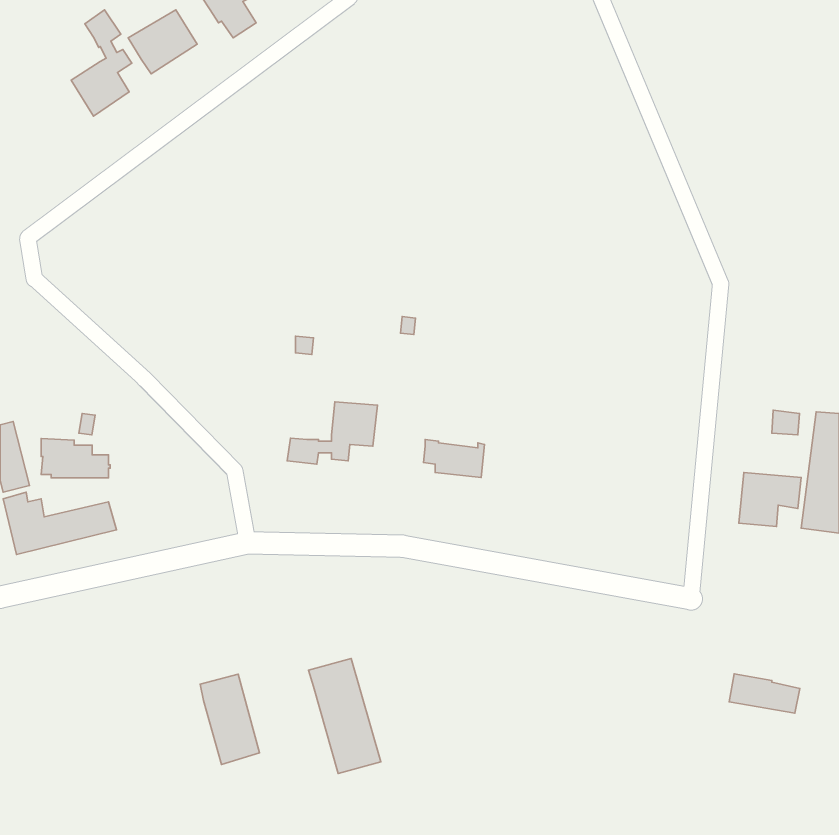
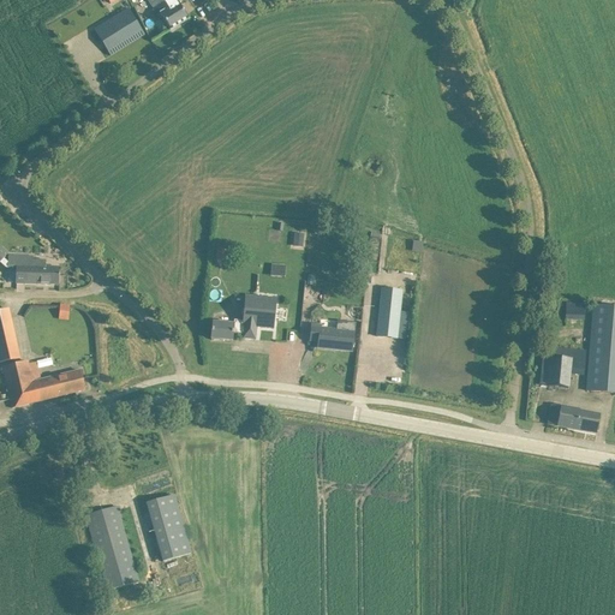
building: [71,10,132,116] -> none
building: none -> [376,287,401,336]
building: [41,439,110,478] -> [8,253,59,282]
building: [309,659,381,773] -> [85,504,138,589]
building: [729,674,800,713] -> [548,402,599,431]

